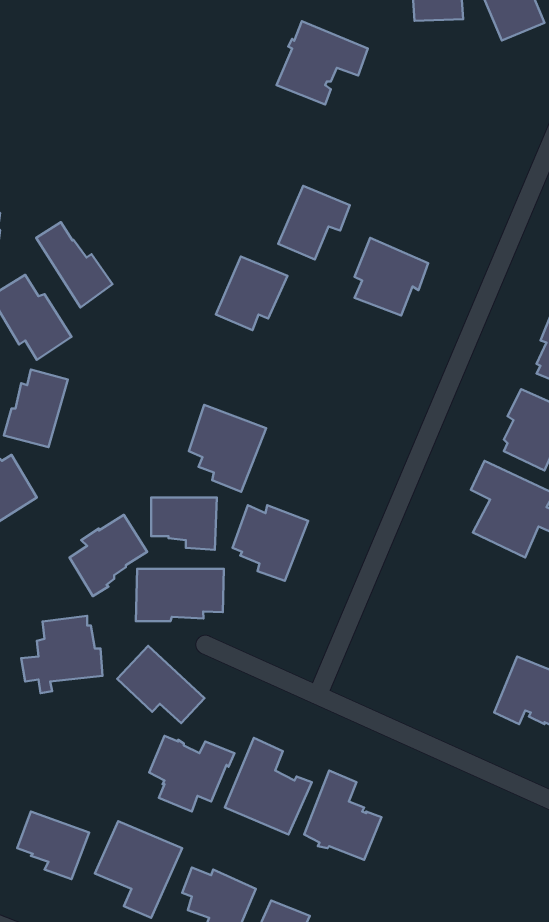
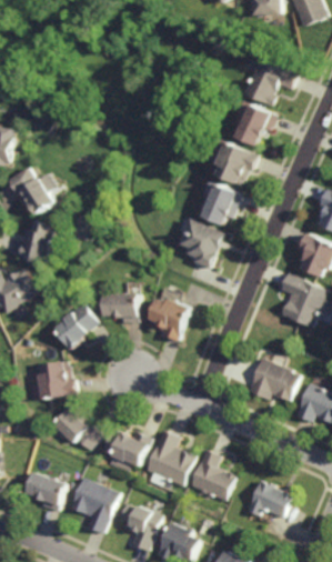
building: [277,21,368,105] -> [244,62,296,110]
building: [278,186,350,259] -> [235,107,276,149]
building: [36,222,112,307] -> none
building: [216,256,287,330] -> [201,181,242,223]
building: [189,405,266,492] -> [181,219,225,269]
building: [136,569,224,621] -> none
building: none -> [249,358,301,402]
building: [117,646,204,723] -> [49,405,99,450]
building: none -> [248,481,293,518]

